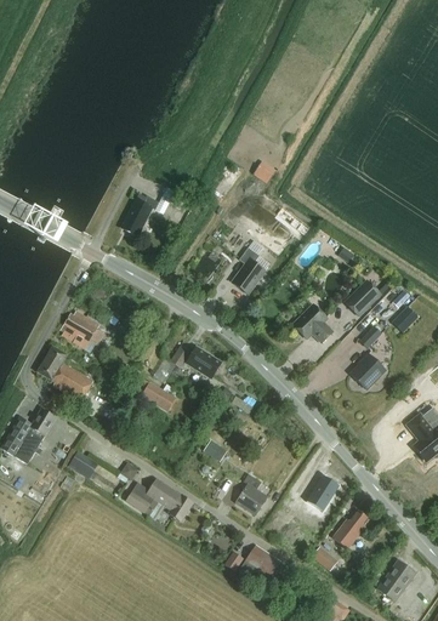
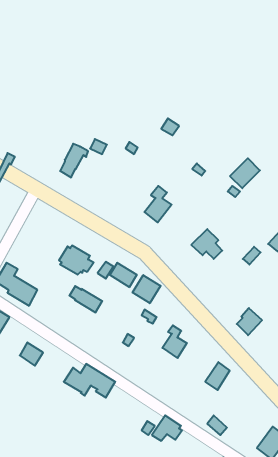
building: [342,279,381,318] -> [230,158,260,188]
building: [59,310,104,348] -> [59,246,94,275]
building: [349,353,382,388] -> [237,308,262,335]
building: none -> [133,275,161,303]
building: [235,474,267,517] -> [162,325,187,358]
building: [332,511,366,549] -> none

